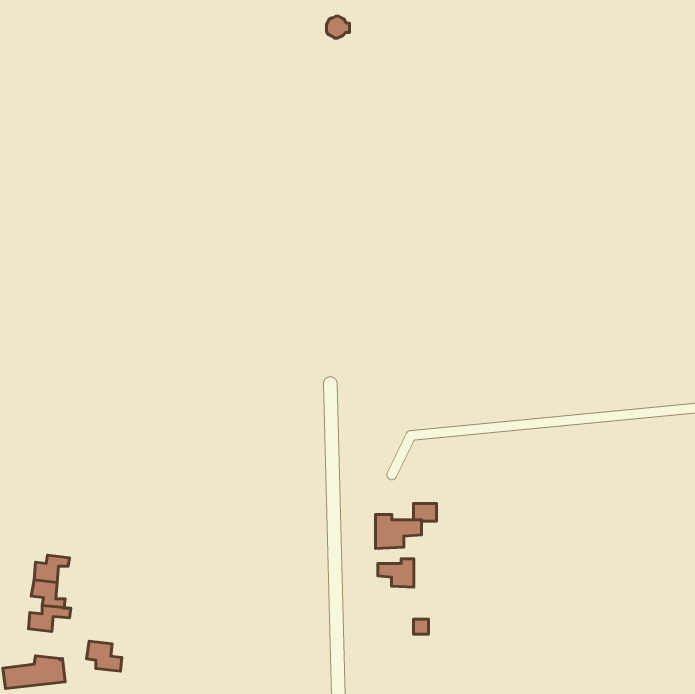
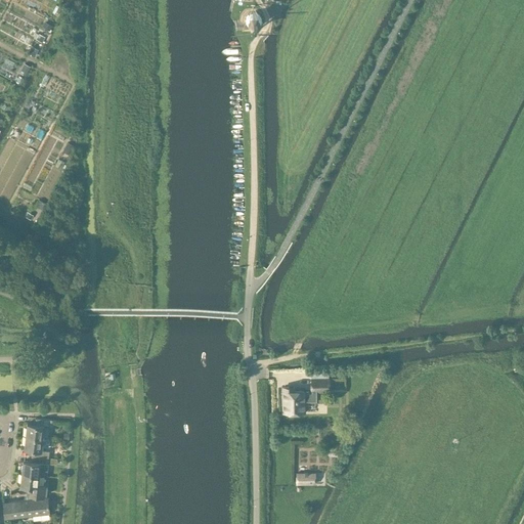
building: [378,559,414,587] -> none
building: [86,641,122,671] -> [19,474,46,496]

